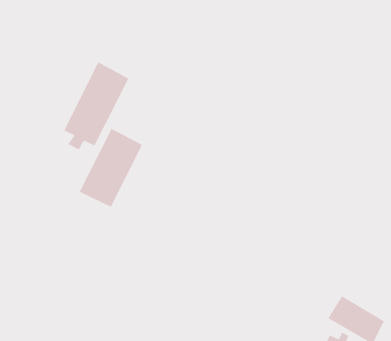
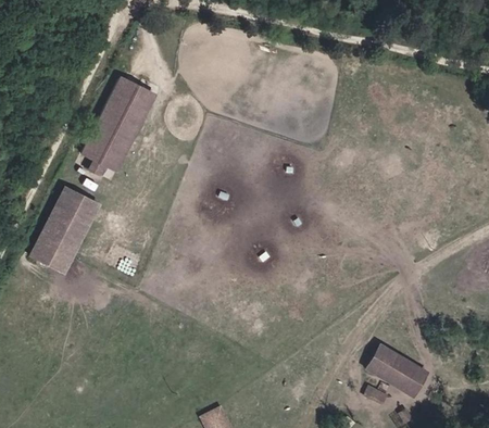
building: [79,128,143,208] -> [24,194,95,282]

